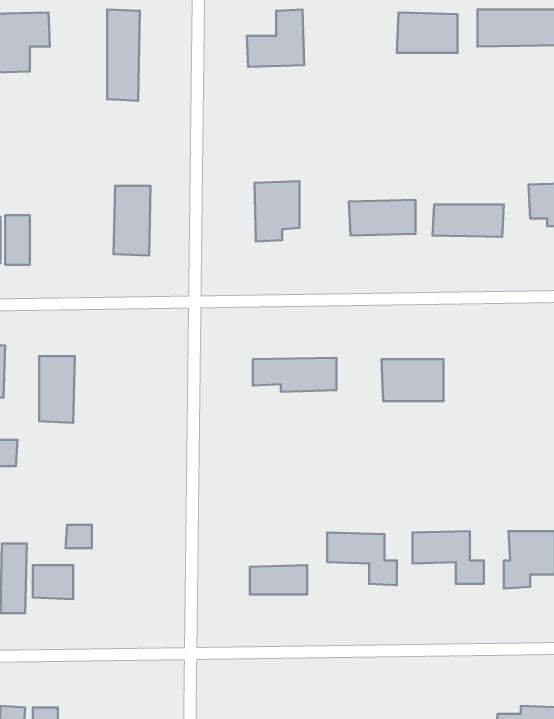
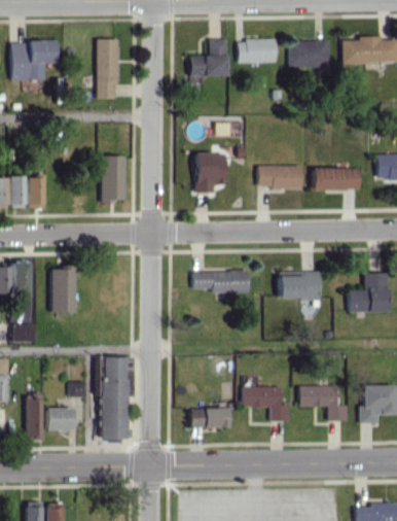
building: none -> [239,39,277,63]
building: none -> [350,272,389,312]
building: none -> [100,356,133,439]

